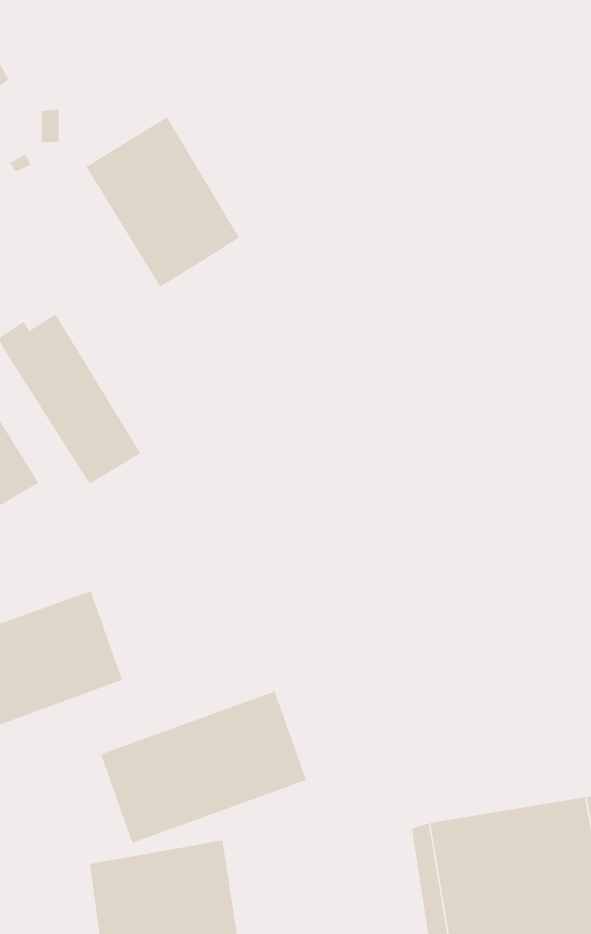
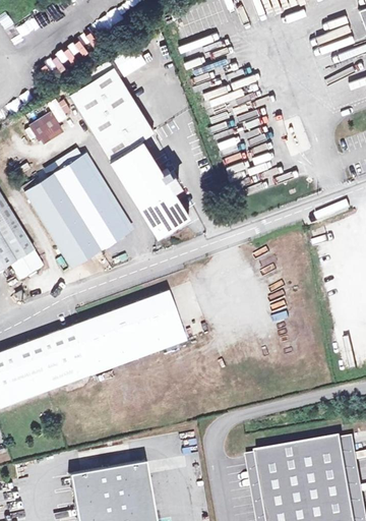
building: none -> [28,111,61,140]
building: none -> [109,138,188,234]
building: none -> [52,149,127,249]
building: [100,691,307,843] -> [71,290,184,373]

